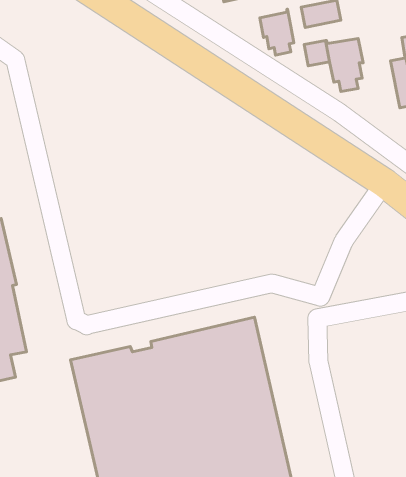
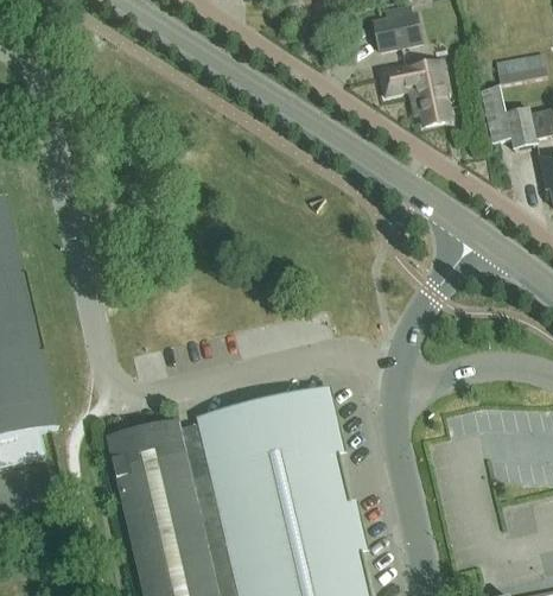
building: [260,9,294,55] -> none

